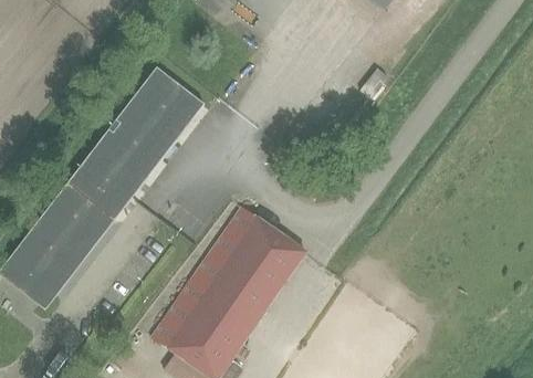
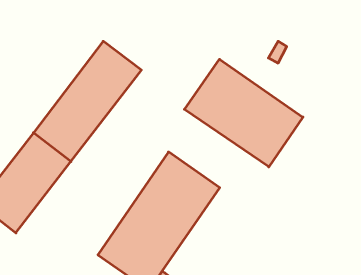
building: none -> [184,59,303,167]

